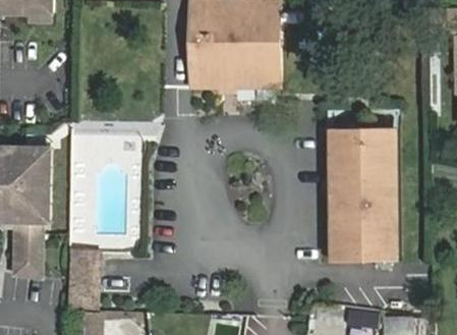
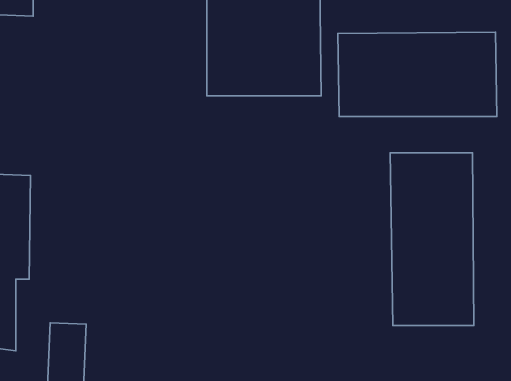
building: none -> [338,32,497,117]

